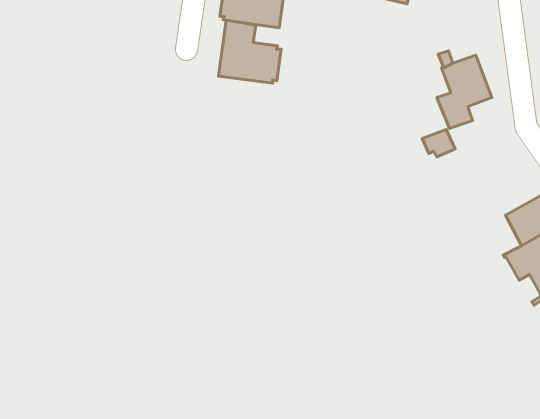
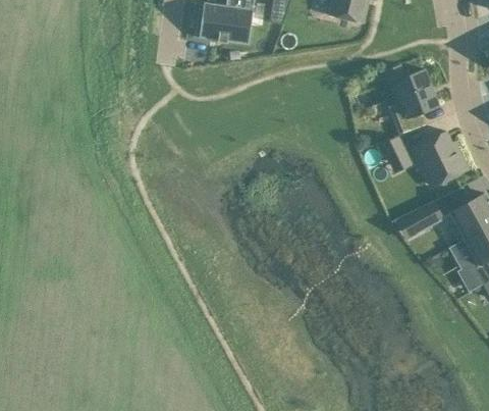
building: [218,20,281,83] -> none
building: none -> [413,130,470,186]
building: none -> [406,200,444,232]

